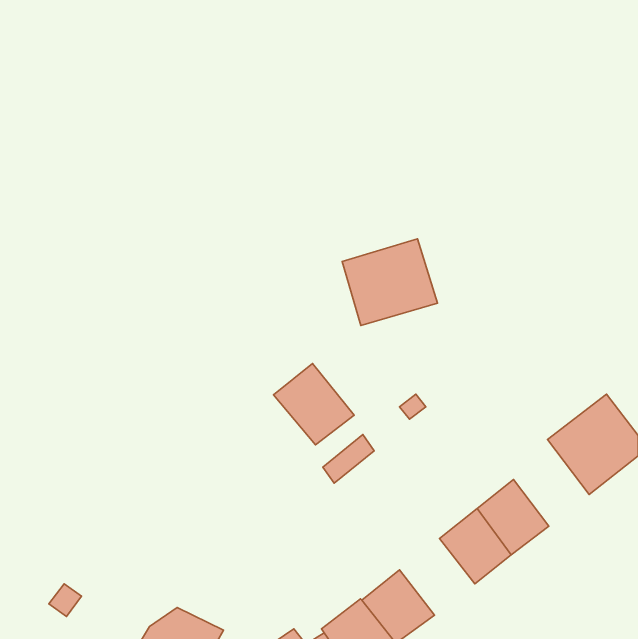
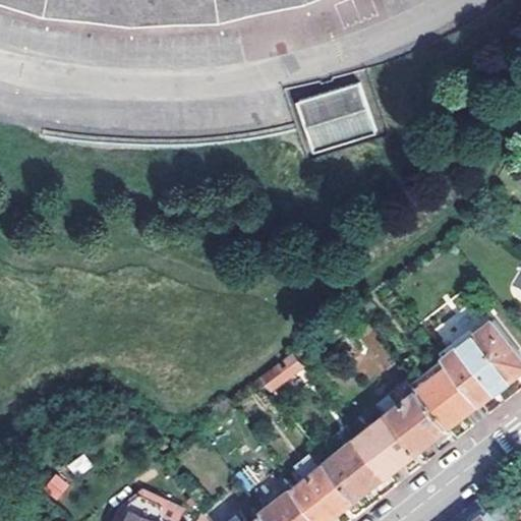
building: [342,239,437,326] -> [295,81,372,152]
building: [273,364,354,445] -> none
building: none -> [416,358,477,428]
building: none -> [324,439,385,501]

